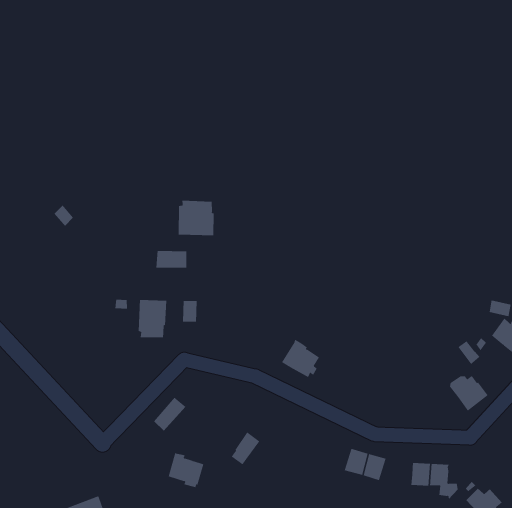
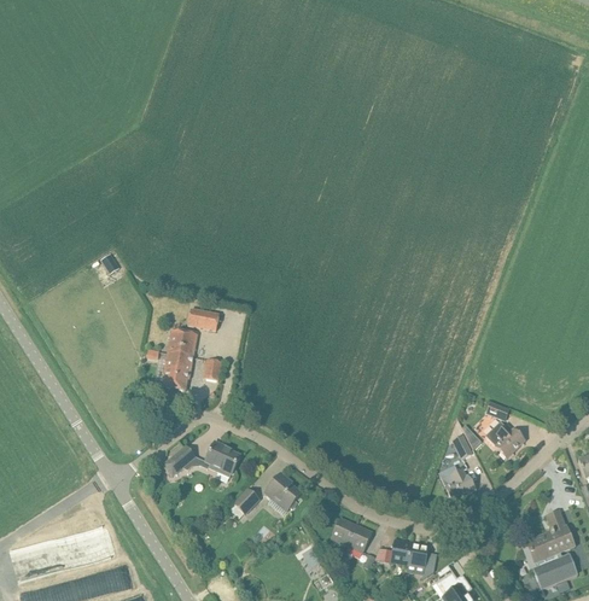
building: [178,200,214,236] -> none
building: none -> [168,328,197,356]
building: [281,339,320,378] -> [264,472,301,509]
building: [168,453,204,488] -> [205,440,240,475]

